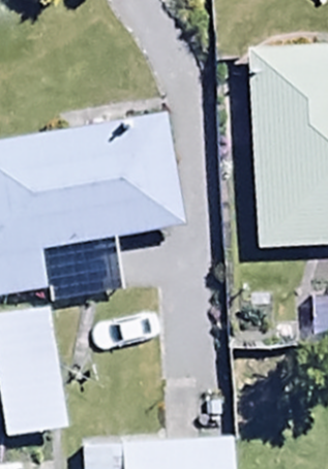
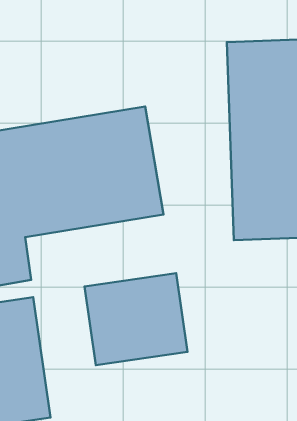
building: none -> [85,273,187,365]

